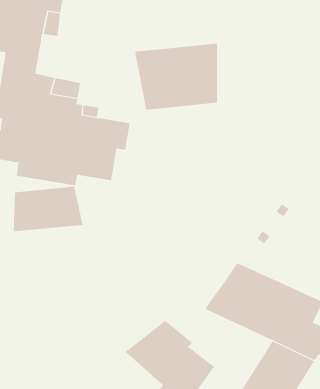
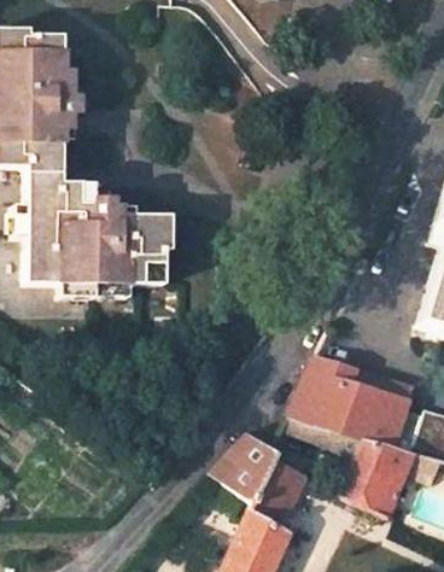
building: [134,43,218,111] -> none
building: [13,186,83,232] -> none

